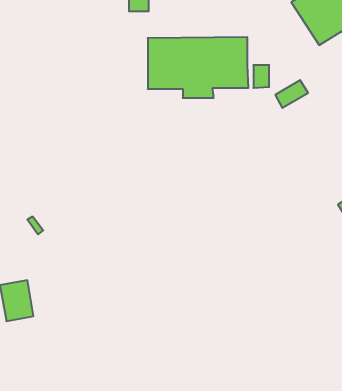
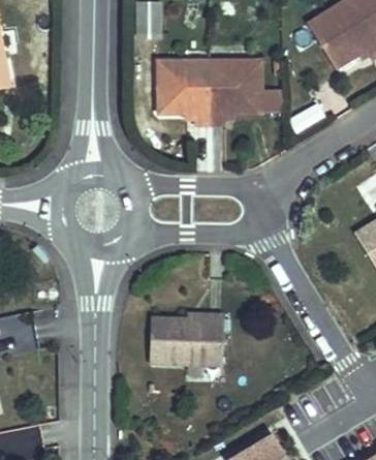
building: none -> [150,314,224,364]

